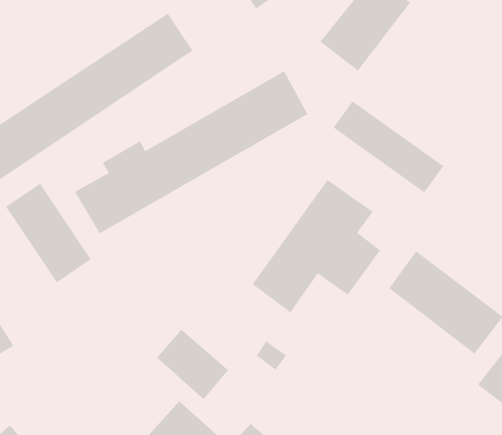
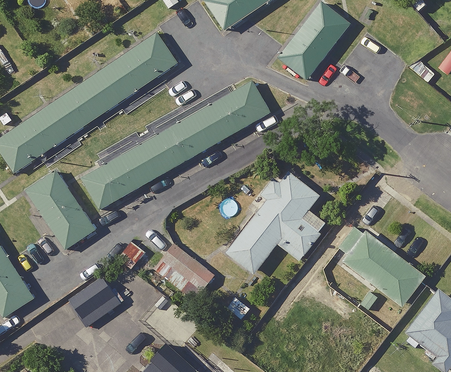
building: [333,100,444,193] -> none
building: none -> [68,278,120,328]
building: [156,329,229,400] -> [156,244,214,301]

